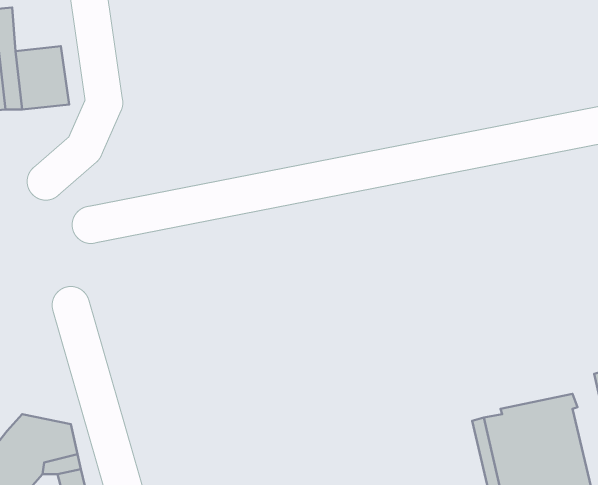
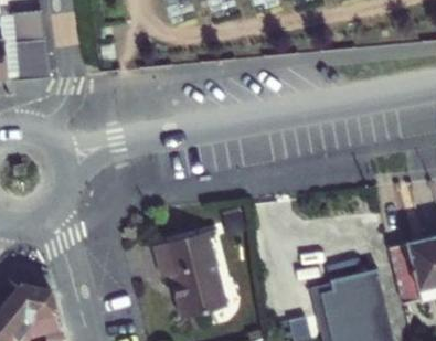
building: none -> [156,231,227,317]

